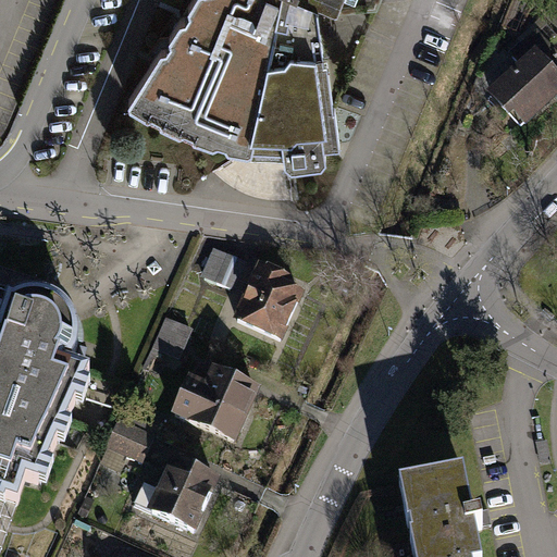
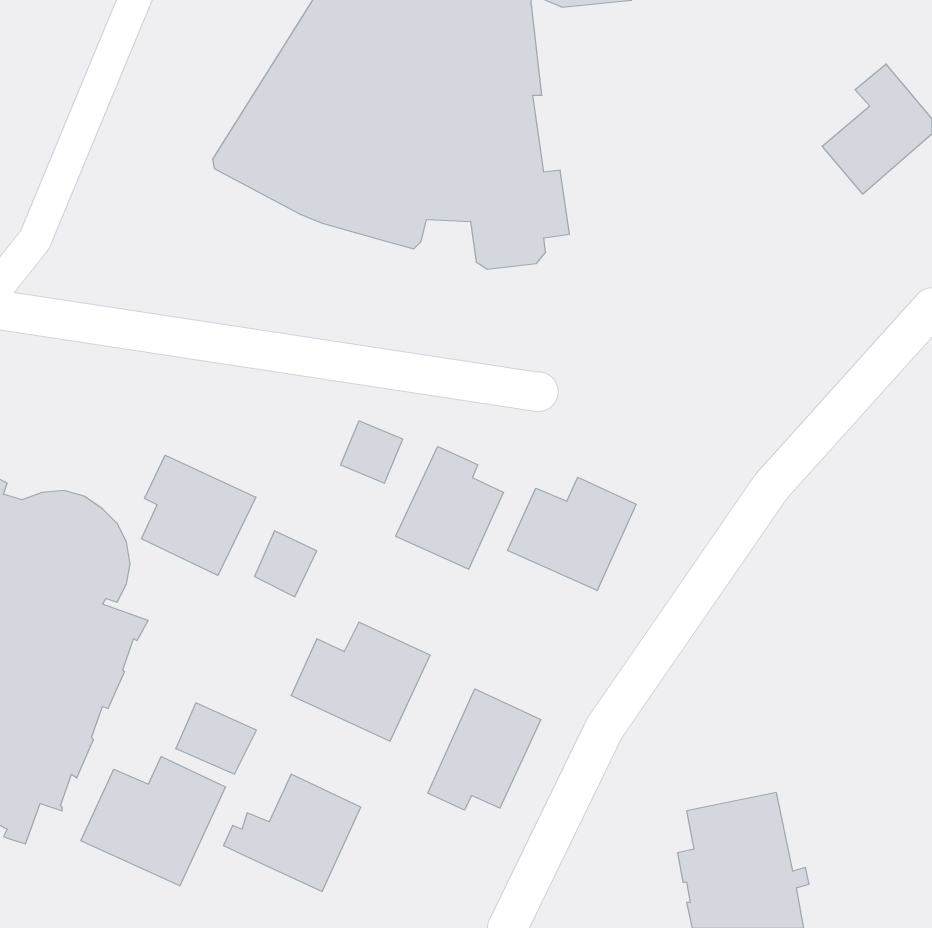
building: none -> [141,455,256,576]
building: none -> [508,477,636,591]
building: none -> [428,689,541,810]
building: none -> [81,757,226,886]

